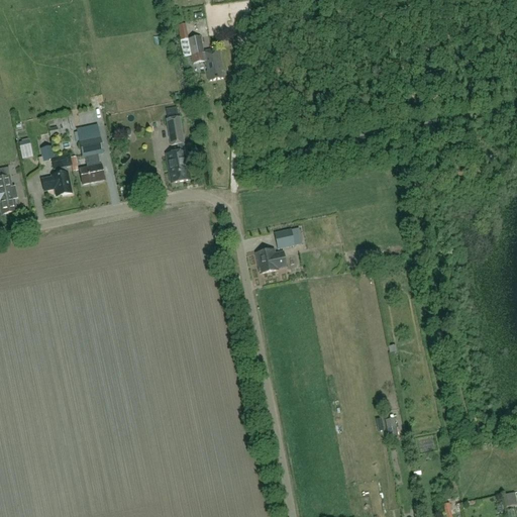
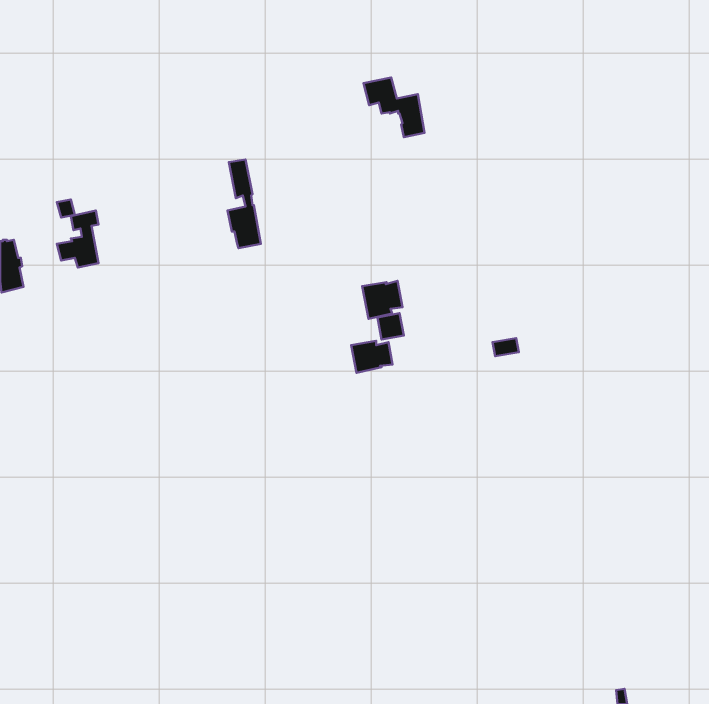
building: [180,35,224,79] -> [364,78,425,137]
building: [78,126,104,183] -> none
building: none -> [362,281,403,319]

